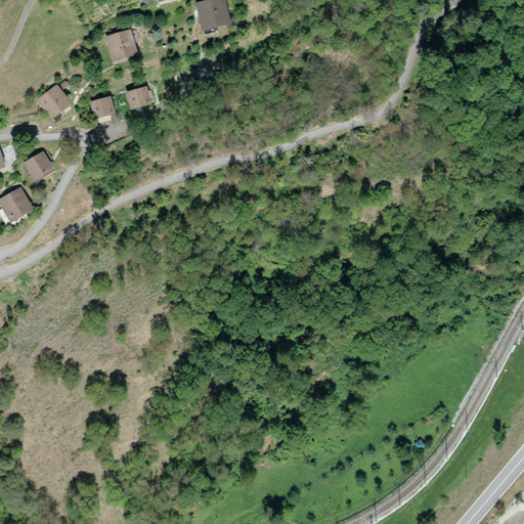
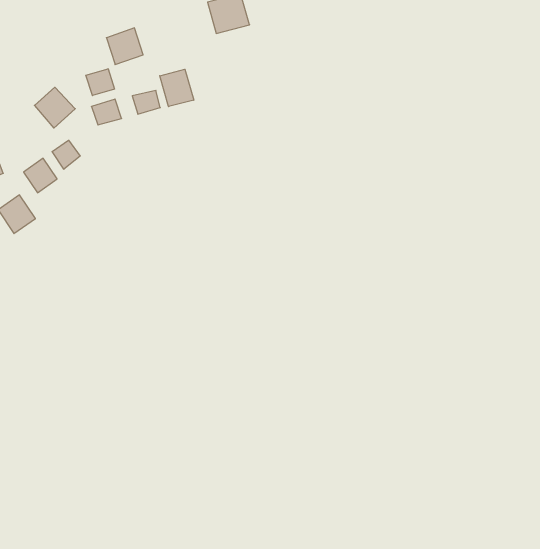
building: none -> [86,69,115,96]
building: none -> [160,69,194,107]
building: none -> [52,140,80,169]

